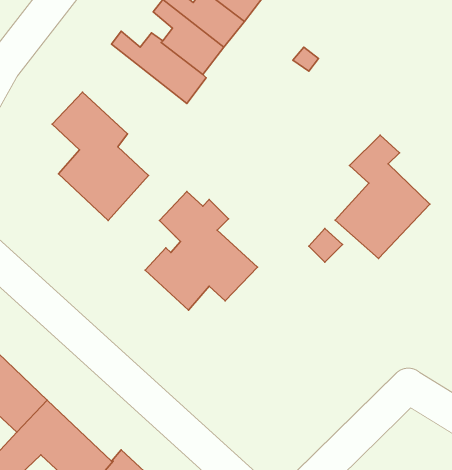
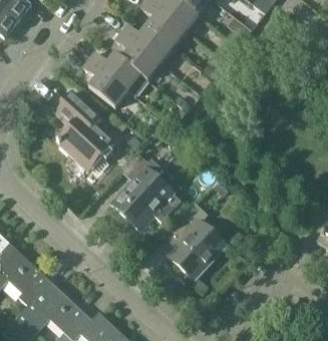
building: none -> [82,60,127,107]
building: [335,135,430,259] -> [168,203,227,280]

